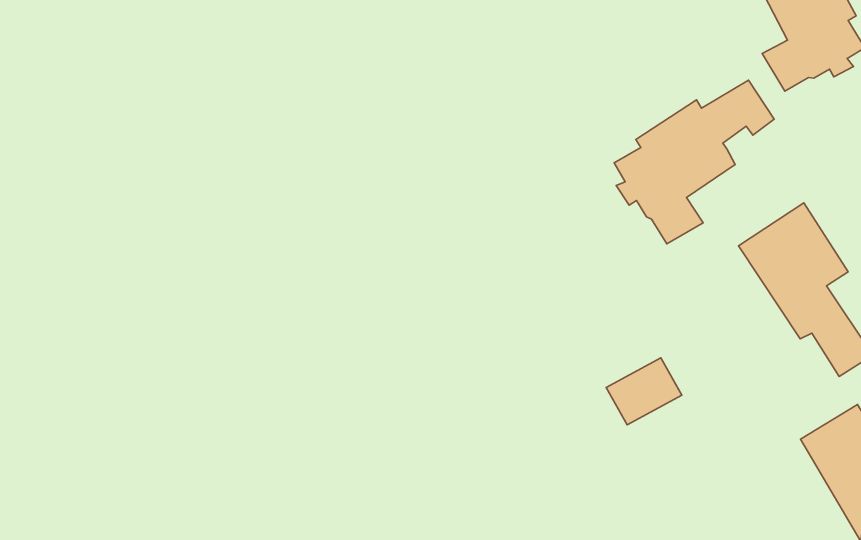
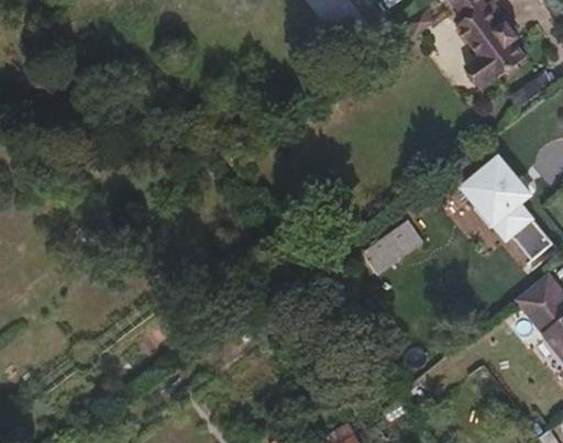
building: [614,80,774,244] -> none
building: [606,358,682,425] -> [358,234,405,277]

